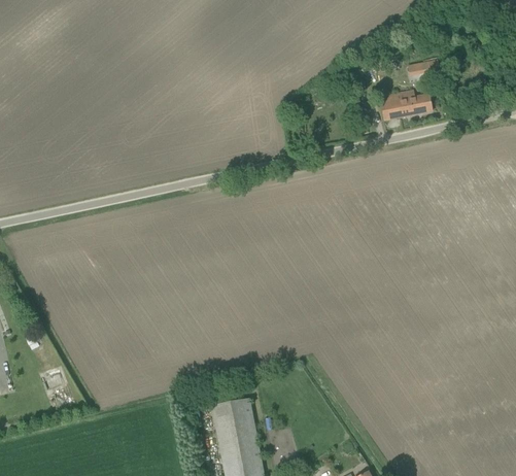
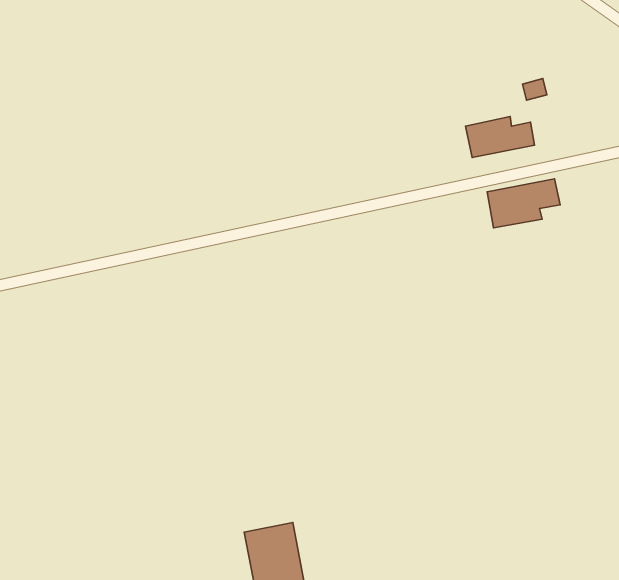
building: none -> [487,179,560,228]

